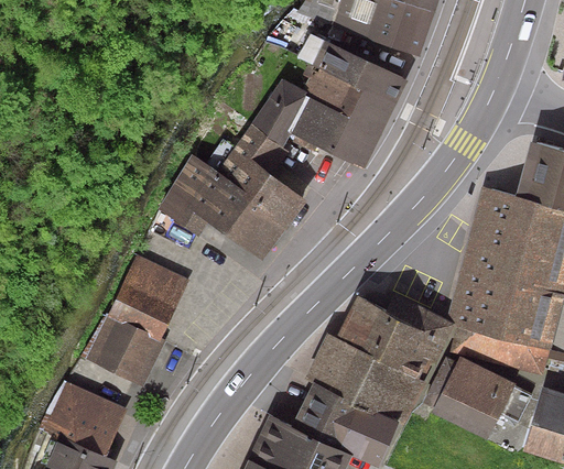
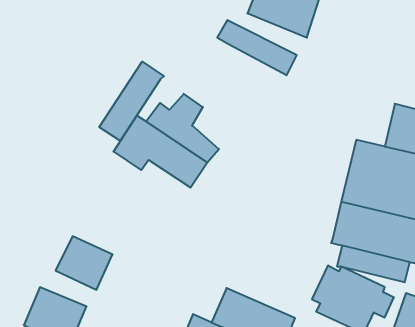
building: [254,64,390,166] -> none
building: none -> [99,62,164,141]
building: [108,254,189,340] -> none
building: [304,294,457,427] -> none

